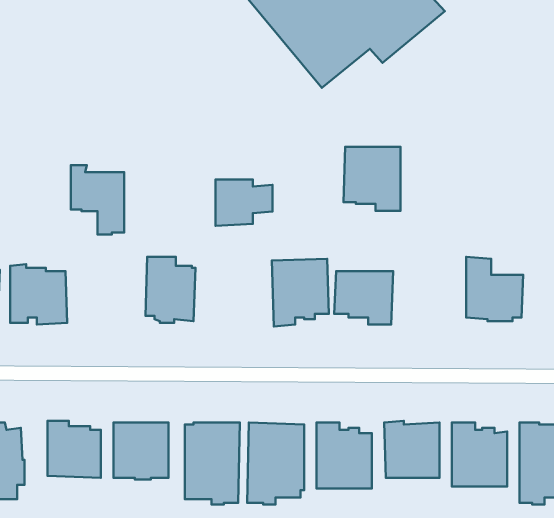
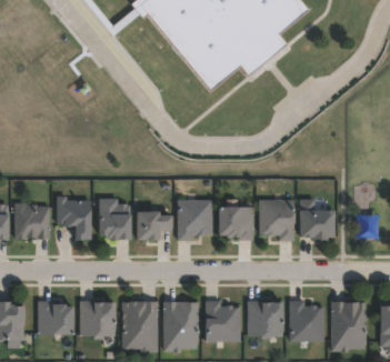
building: [343,147,400,211] -> [259,200,294,240]
building: [71,165,124,234] -> [57,195,90,239]
building: [215,179,272,226] -> [136,210,171,239]

